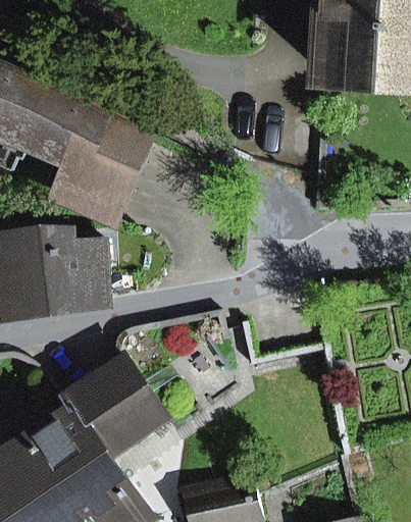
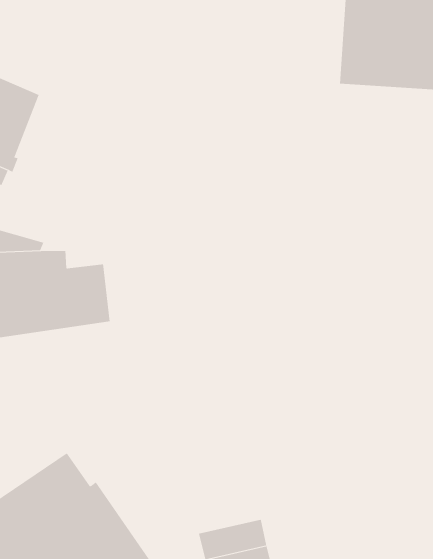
building: [23,88,148,222] -> none
building: [61,359,163,447] -> none

